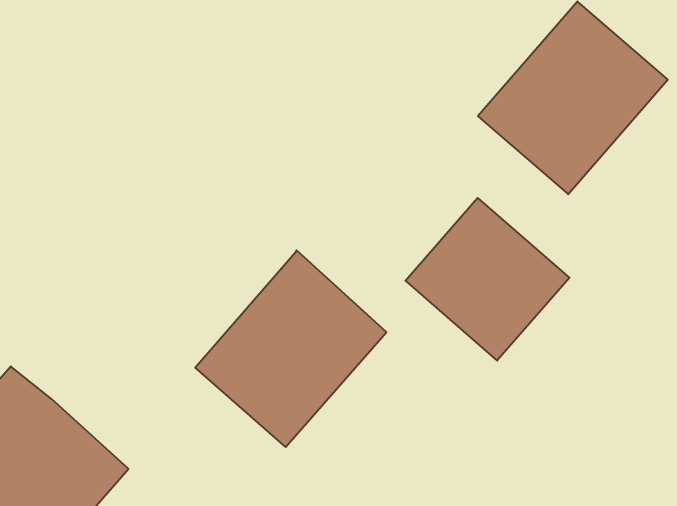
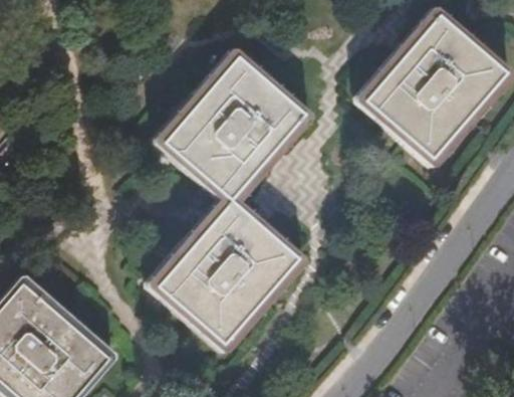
building: none -> [164,53,304,199]
building: [405,198,569,361] -> none

